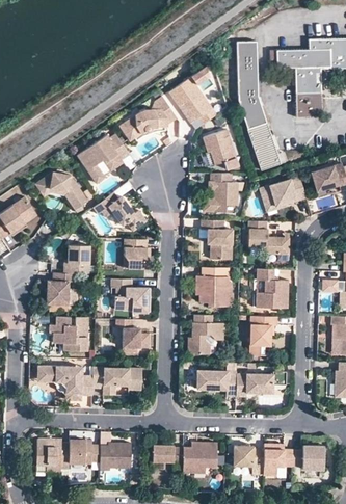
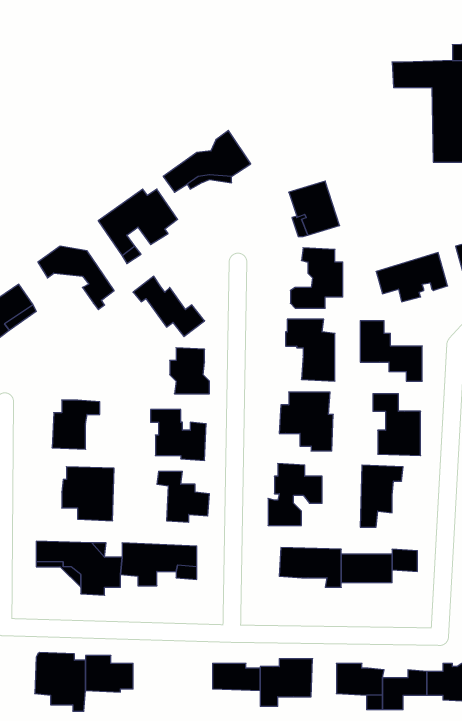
building: [236,38,278,168] -> none
building: [168,70,215,125] -> none
building: [63,245,89,274] -> none
building: [100,444,132,471] -> none

